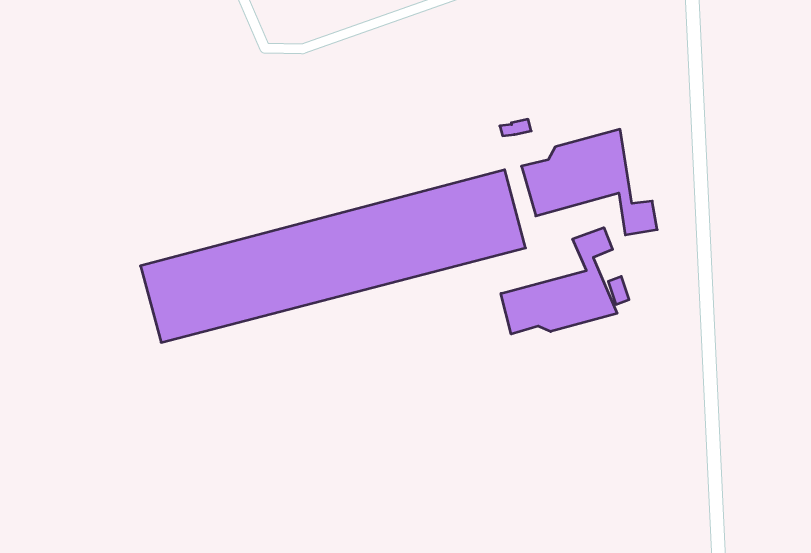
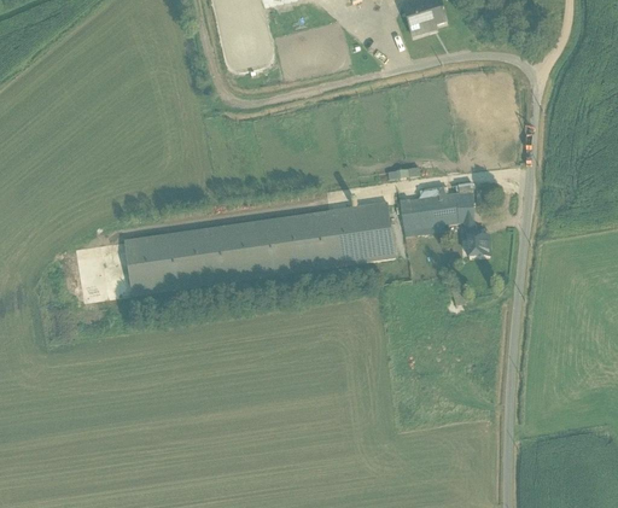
building: [501,228,617,334] -> none

